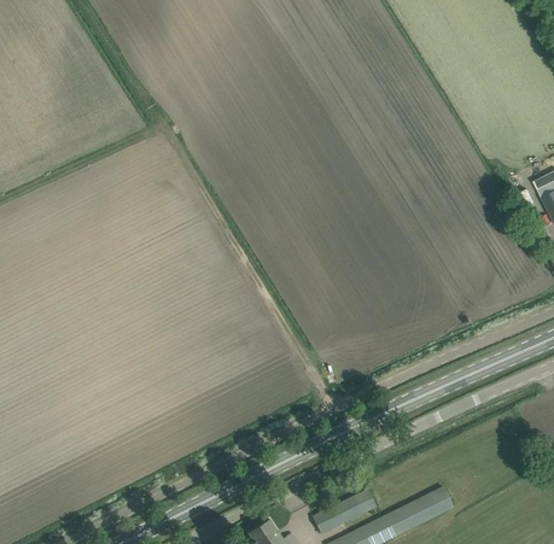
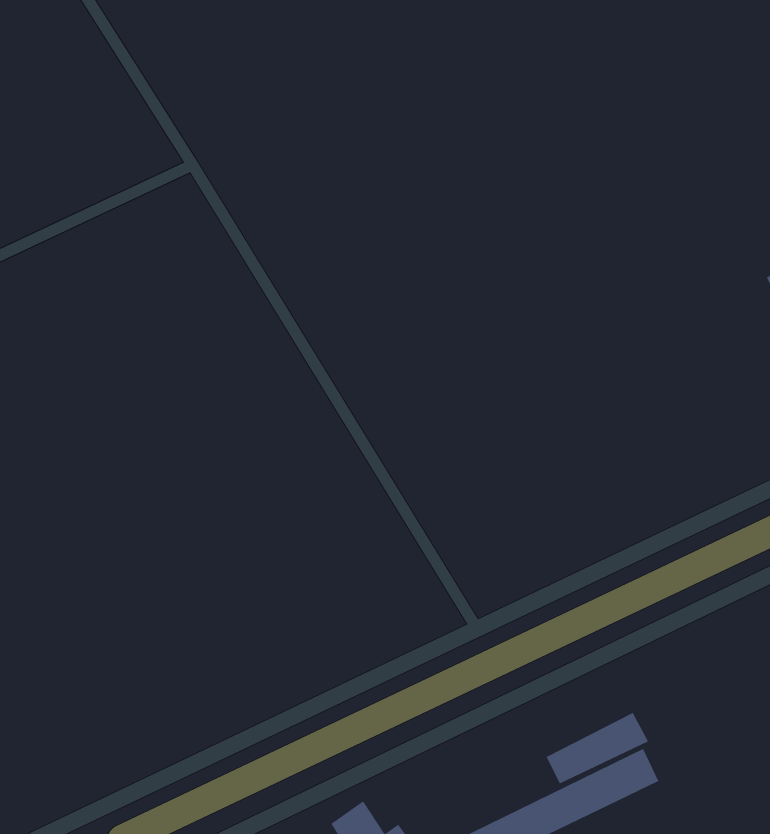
building: [313,489,377,533] -> [546,712,649,784]

